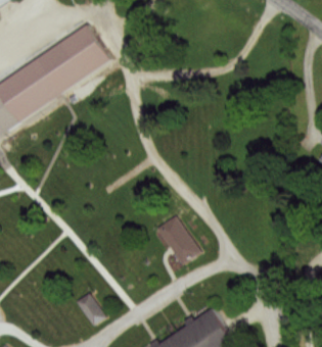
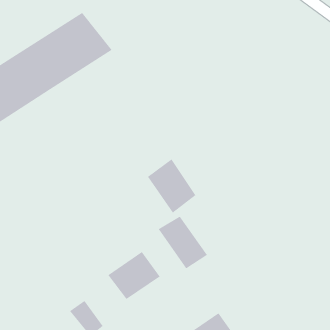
building: none -> [147,159,196,214]
building: none -> [107,251,161,300]

